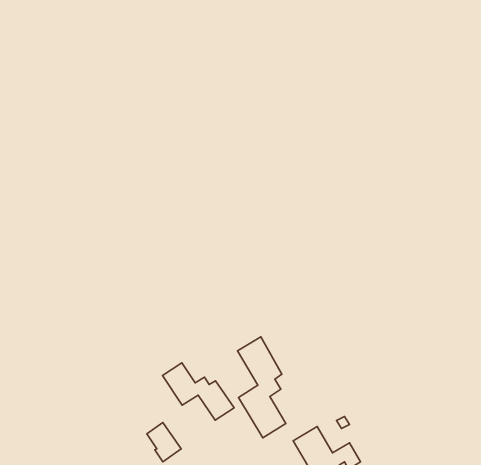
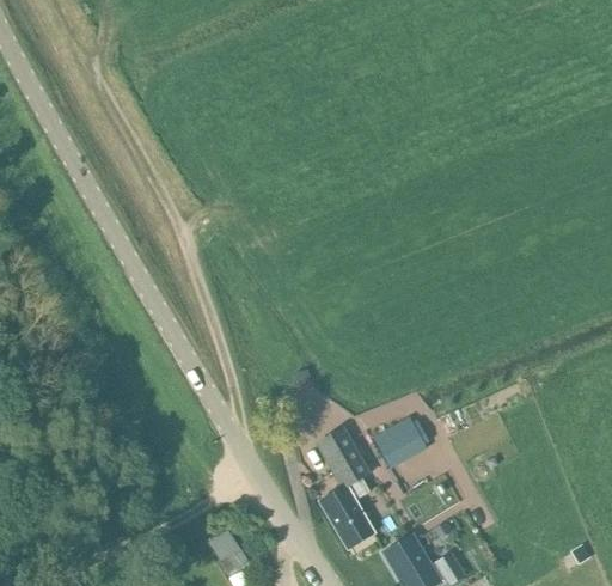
building: none -> [373,403,424,468]
building: [163,363,234,420] -> none

